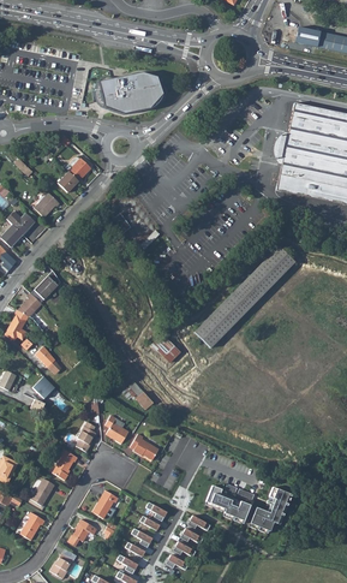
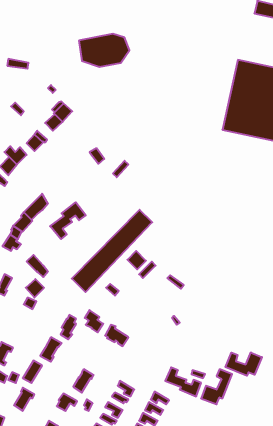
building: [196,246,295,349] -> [72,210,152,292]
building: none -> [50,202,86,239]
building: none -> [225,352,262,376]

